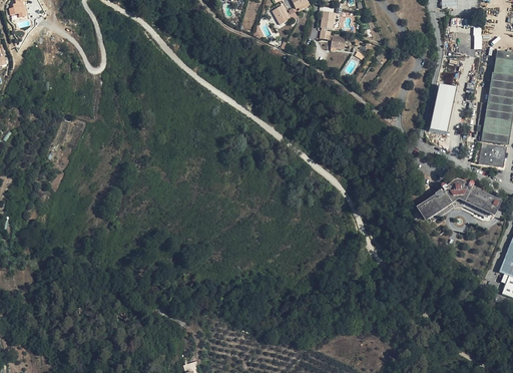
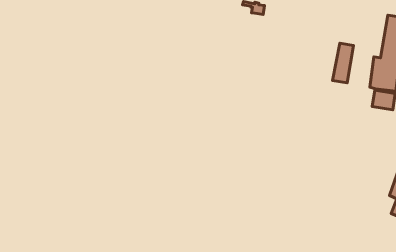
building: [420,179,498,220] -> none

